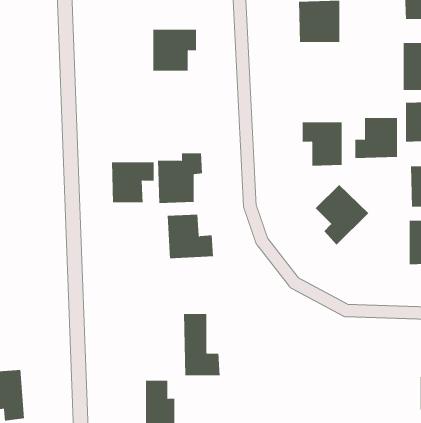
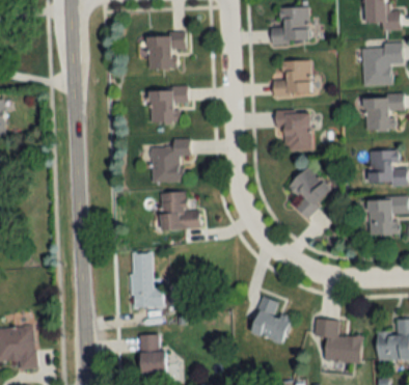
building: [354,118,398,159] -> [273,61,310,97]
building: [111,162,154,203] -> [149,87,187,122]
building: [183,313,221,376] -> [131,254,163,308]
building: none -> [249,297,291,343]
building: none -> [313,319,361,363]

